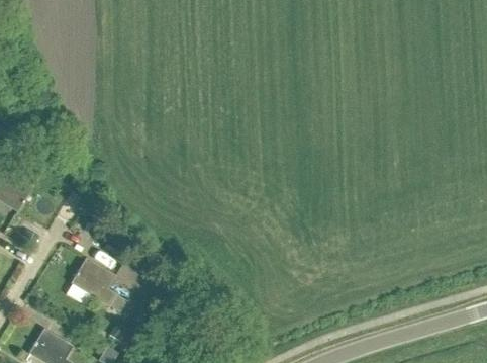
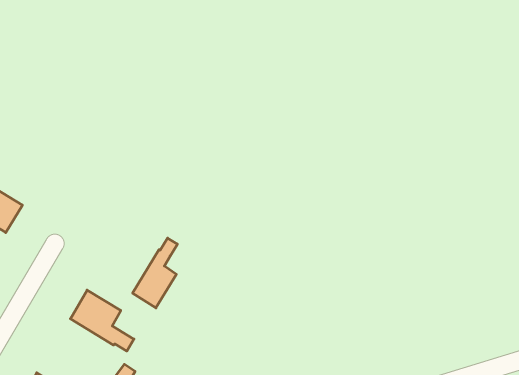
building: none -> [133,238,177,308]

